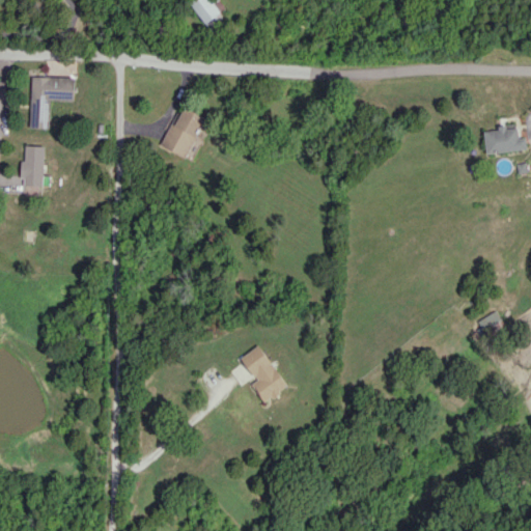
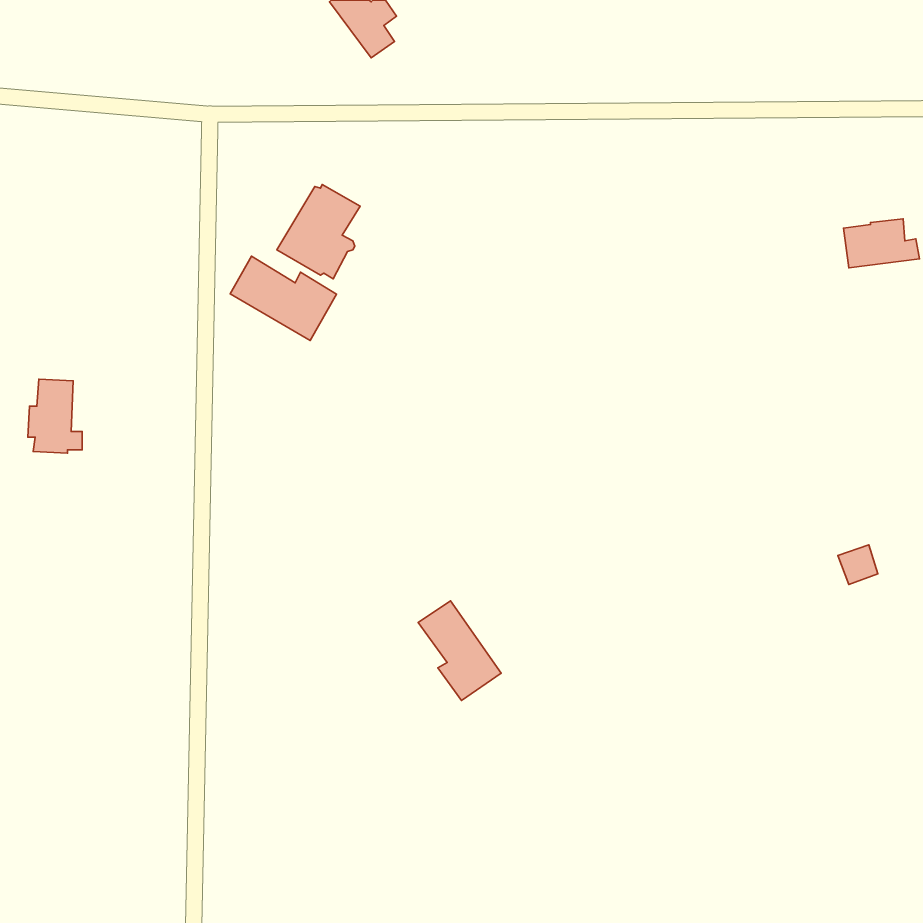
building: [29,76,75,129] -> none
building: [19,145,50,188] -> [28,379,82,453]
building: none -> [230,256,336,340]

